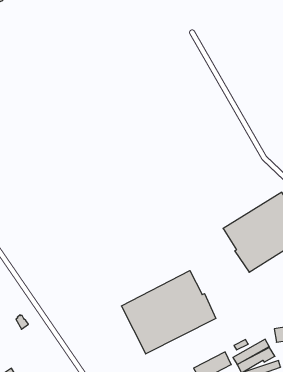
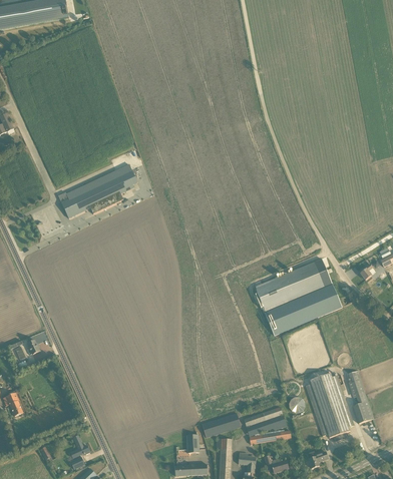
building: none -> [57,163,136,217]
building: [121,271,216,354] -> none

